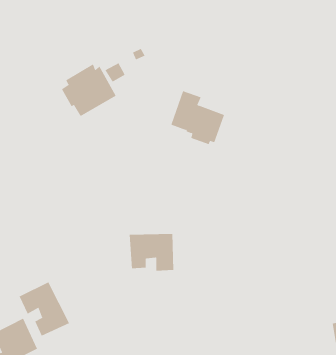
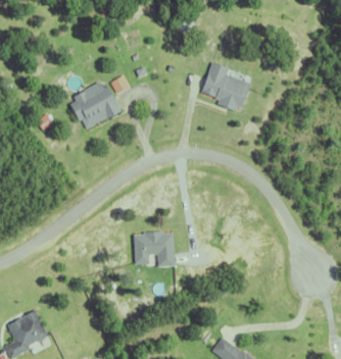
building: [170,91,225,145] -> [201,58,251,108]
building: [19,281,70,336] -> none

